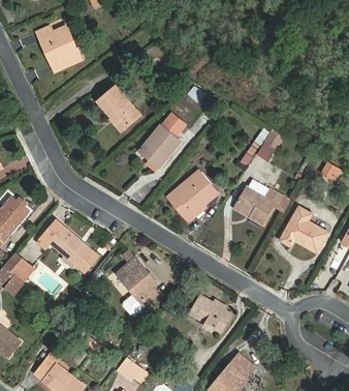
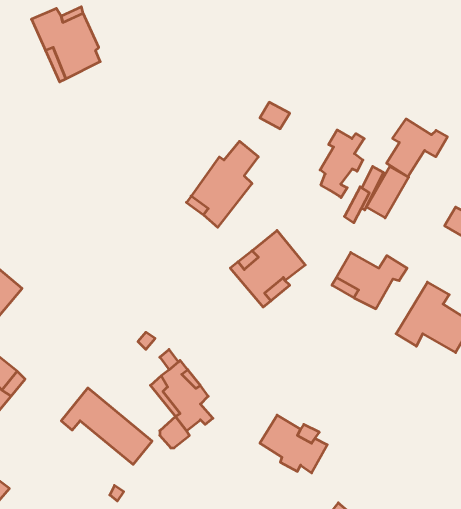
building: [96,85,141,132] -> none
building: none -> [387,119,447,177]
building: none -> [320,130,364,198]
building: [37,218,97,269] -> [61,388,152,464]

